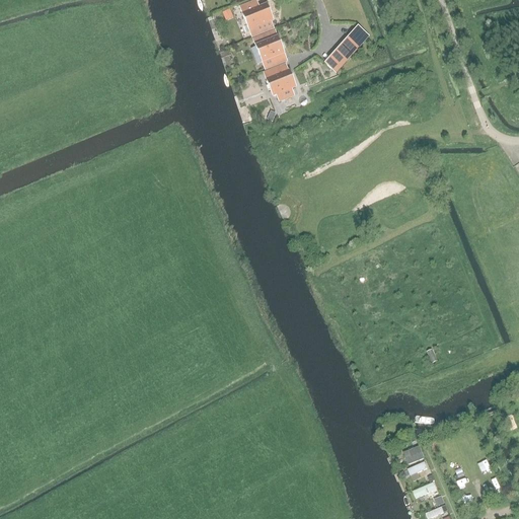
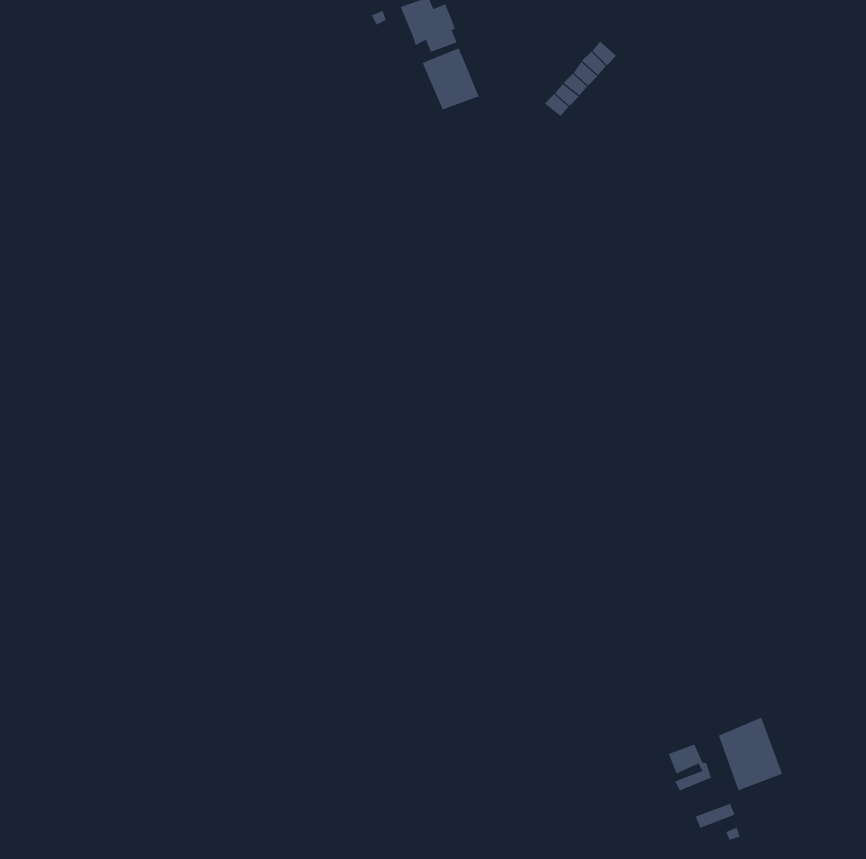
building: [264,62,296,98] -> none
building: none -> [718,717,783,791]

